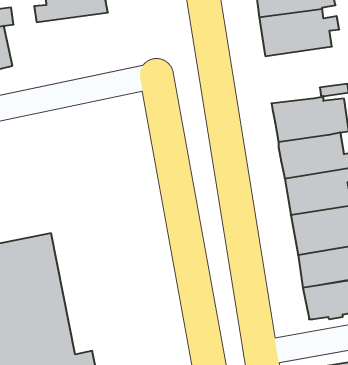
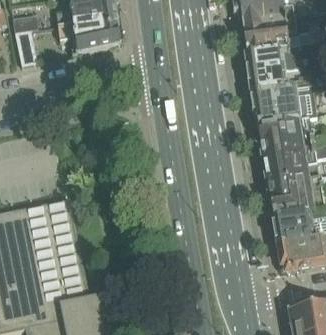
building: none -> [57,18,122,55]
building: none -> [246,47,298,93]

